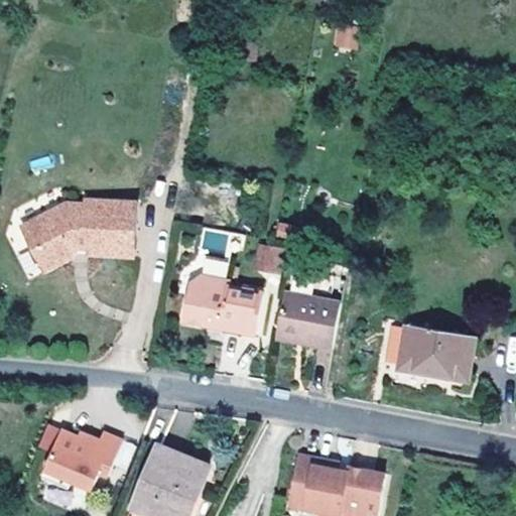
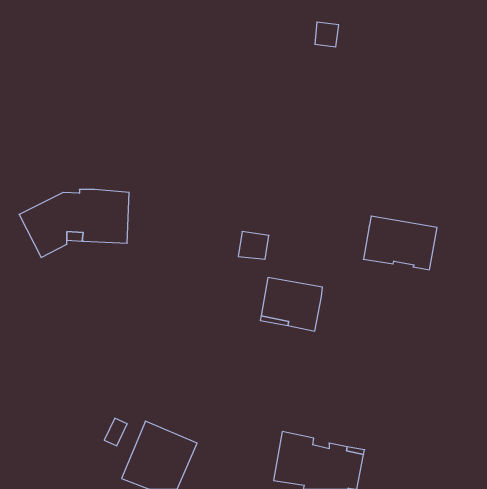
building: [182,276,263,335] -> none
building: [397,324,475,380] -> [363,216,437,270]
building: [36,422,115,495] -> none

